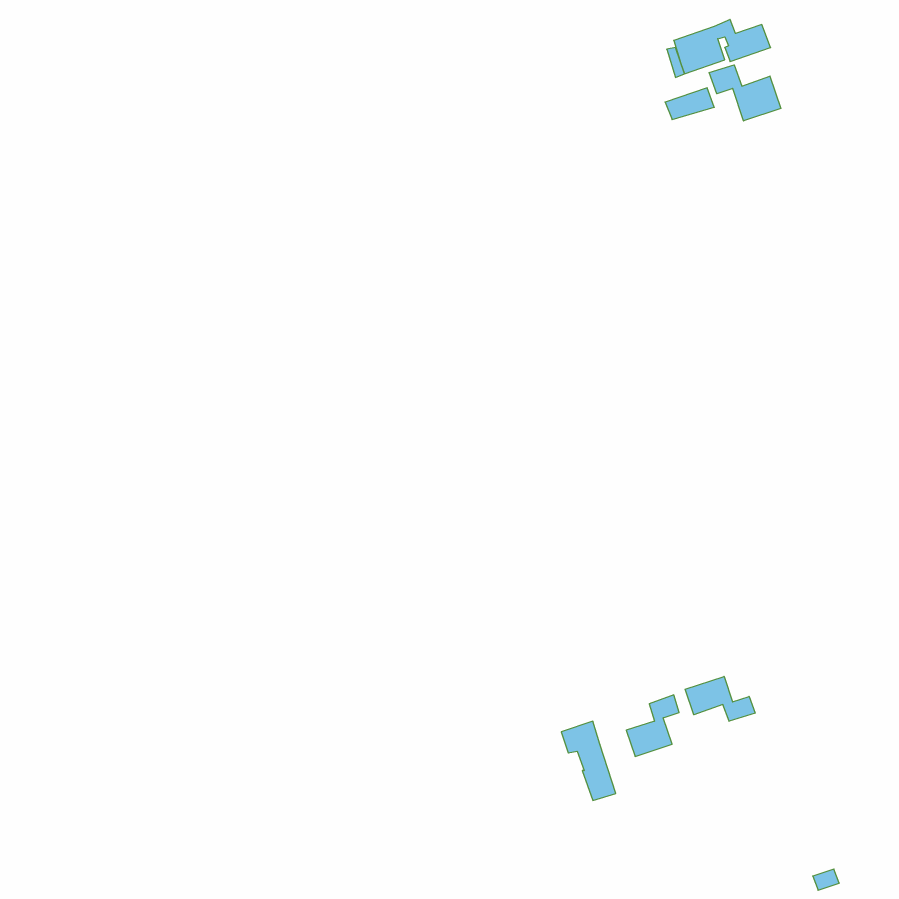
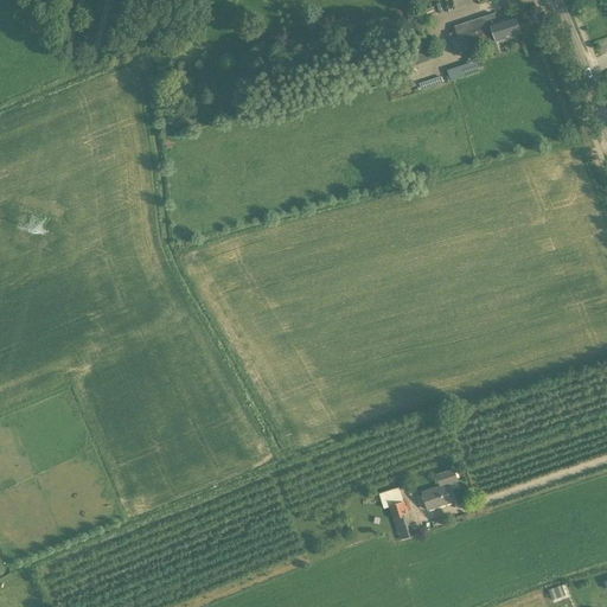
building: [709,65,781,121] -> none
building: [685,676,755,721] -> none

